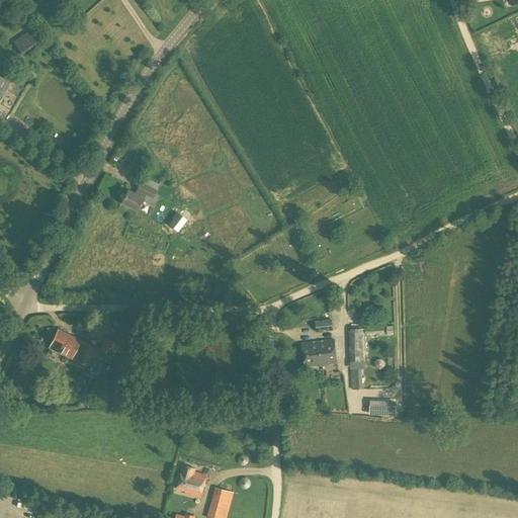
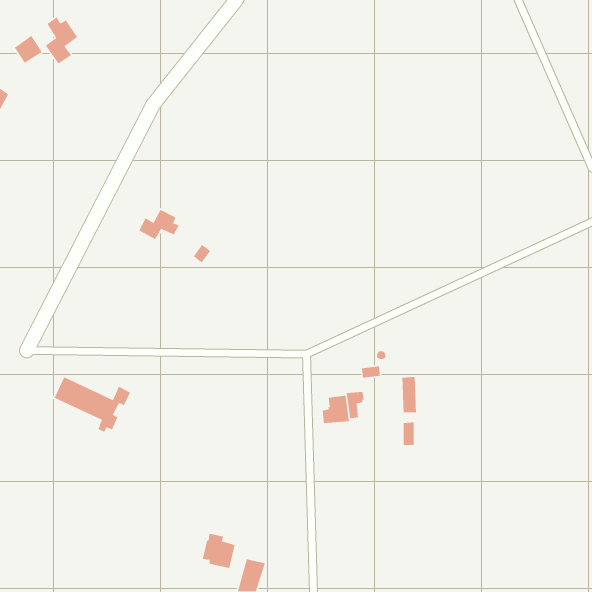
building: none -> [45,16,78,64]
building: [312,339,336,364] -> [322,395,350,424]
building: [368,400,395,415] -> none

